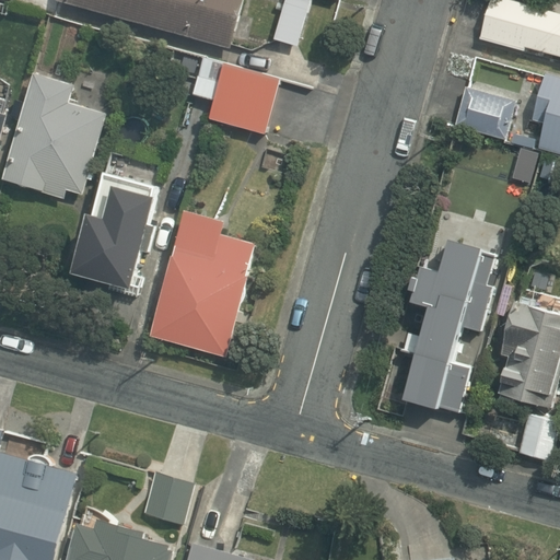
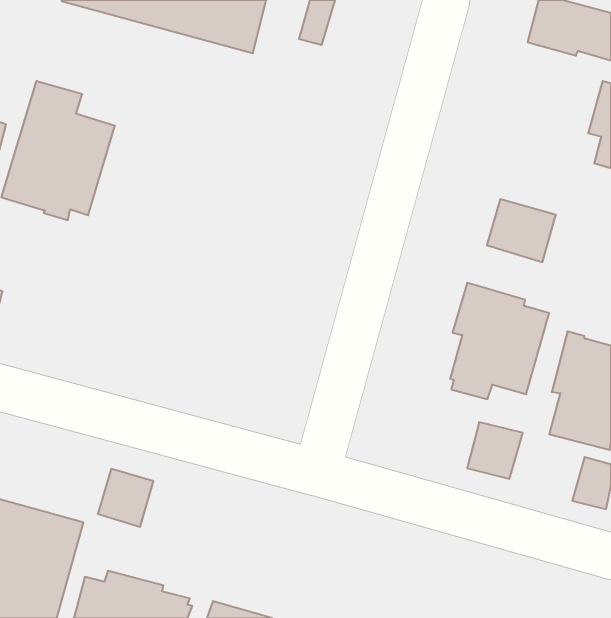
building: [205,61,273,129] -> none
building: [452,84,514,141] -> [487,199,556,262]
building: [71,184,154,287] -> none
building: [154,214,260,362] -> none
building: [142,471,192,524] -> [98,469,153,527]

